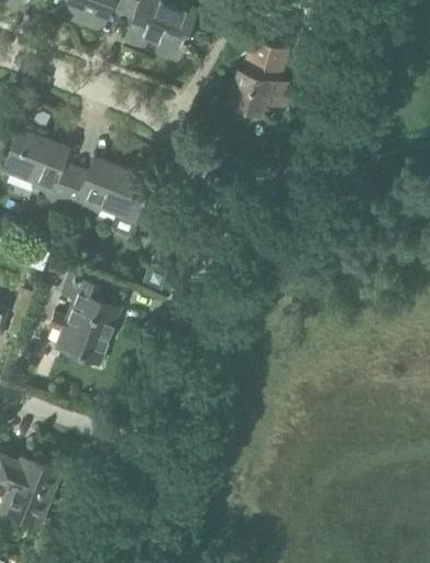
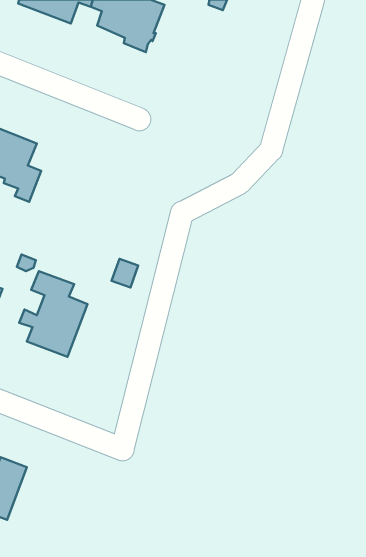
building: [229,41,288,112] -> none
building: [60,157,150,235] -> none

